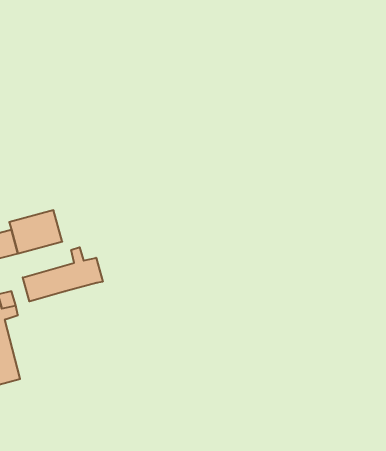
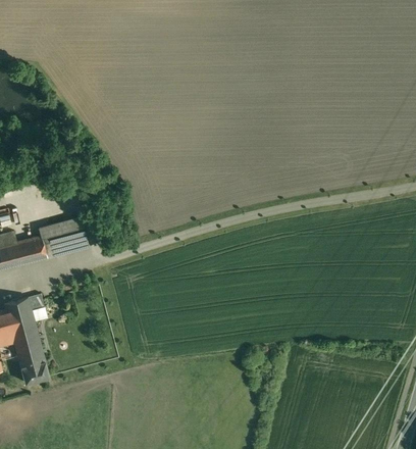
building: [23,247,103,301] -> none

